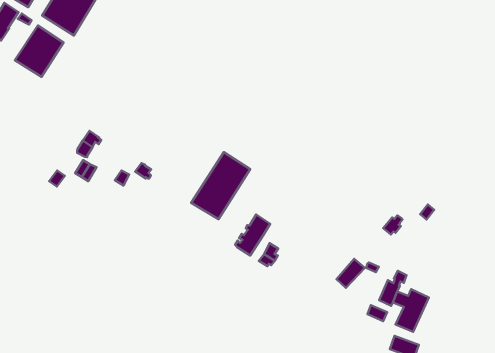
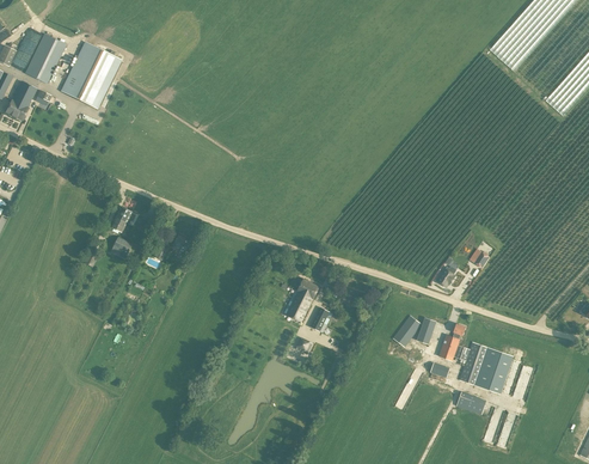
building: [15,25,64,77] -> none
building: [191,152,250,219] -> none
building: none -> [477,348,511,392]

